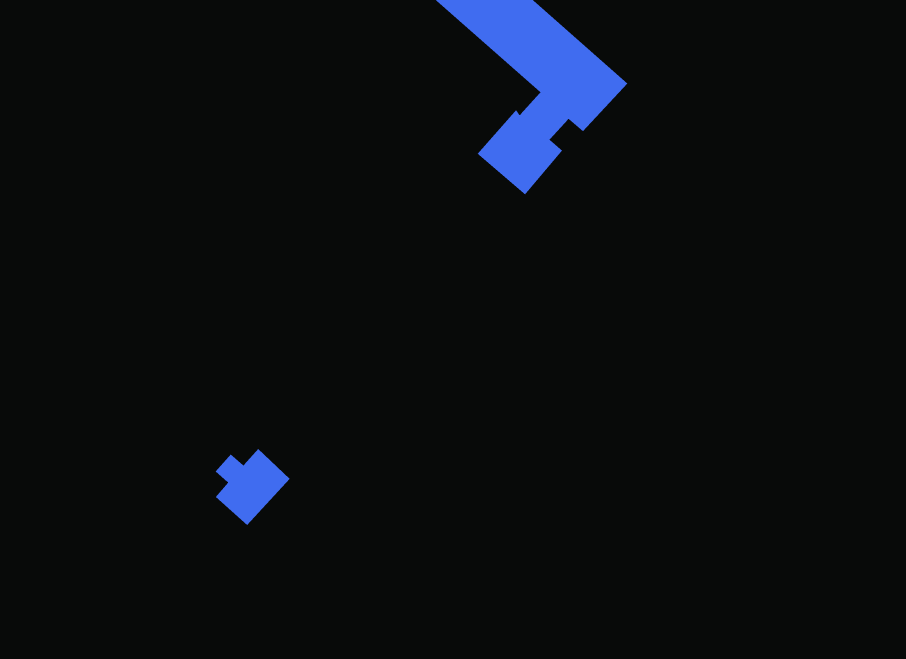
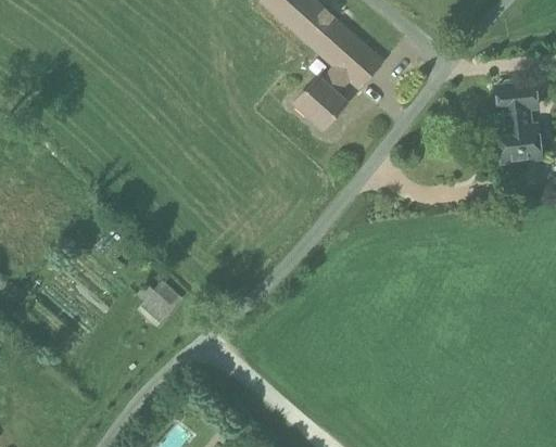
building: none -> [492,81,545,162]

